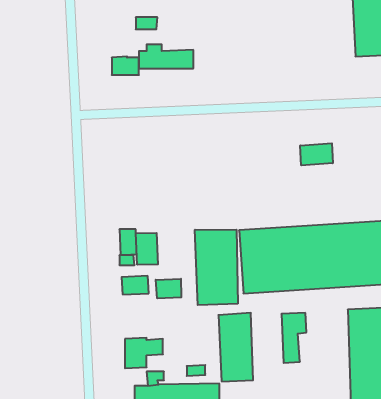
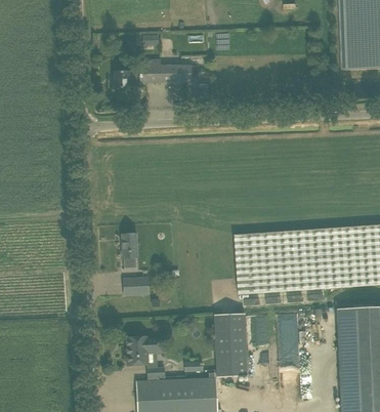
building: [300,143,333,165] -> none
building: [195,230,238,305] -> none
building: [136,233,158,265] -> none
building: [156,279,181,298] -> none

